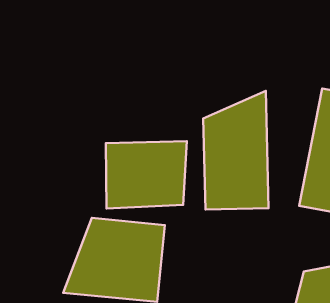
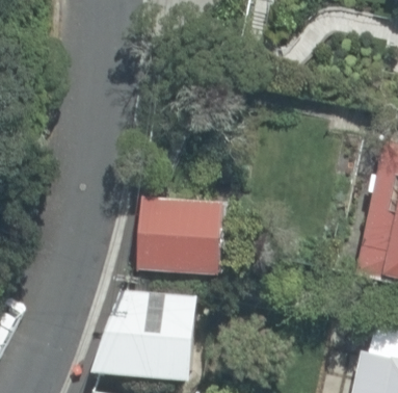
building: [203,91,268,210] -> none

